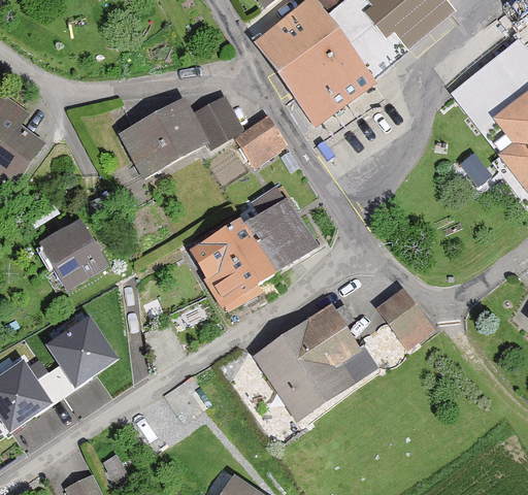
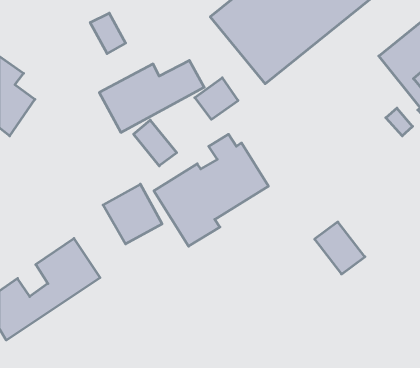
building: none -> [90,13,126,54]
building: none -> [134,120,177,166]
building: [36,220,106,291] -> [103,184,162,244]
building: [253,304,374,422] -> none

